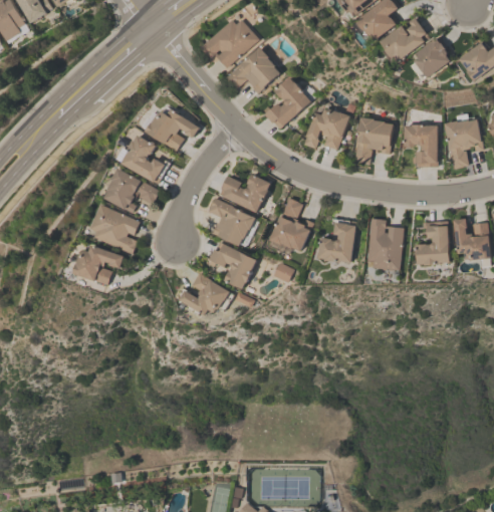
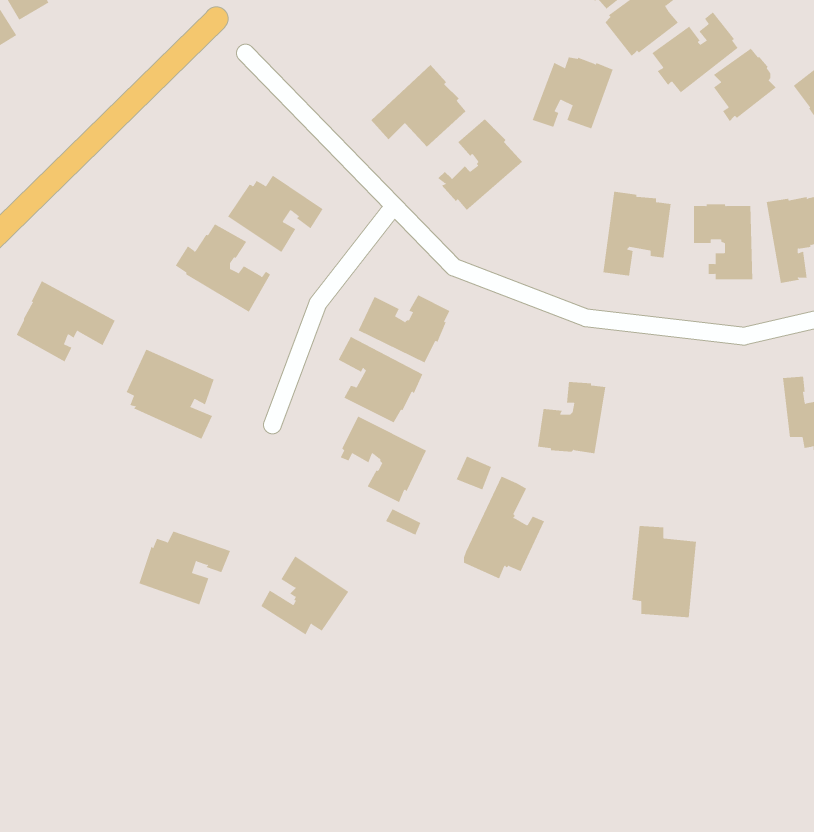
building: [199,18,257,67] -> none
building: [303,108,348,149] -> [532,57,614,129]
building: [104,168,160,213] -> [16,281,116,362]
building: [267,197,312,254] -> [463,476,545,579]
building: [366,218,403,269] -> [632,525,697,618]
building: [416,221,449,265] -> none
building: [72,245,124,286] -> [138,531,231,605]
building: [180,272,229,316] -> [260,555,349,635]

